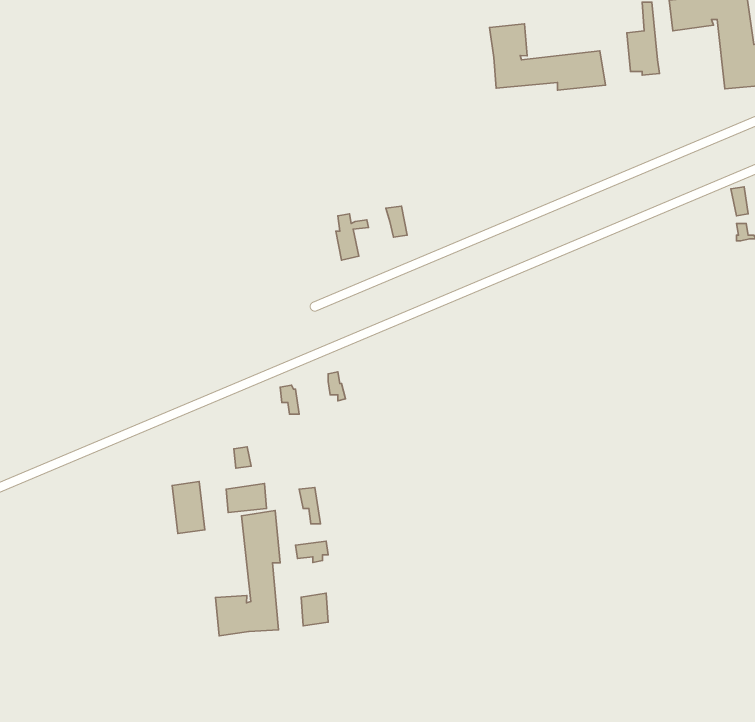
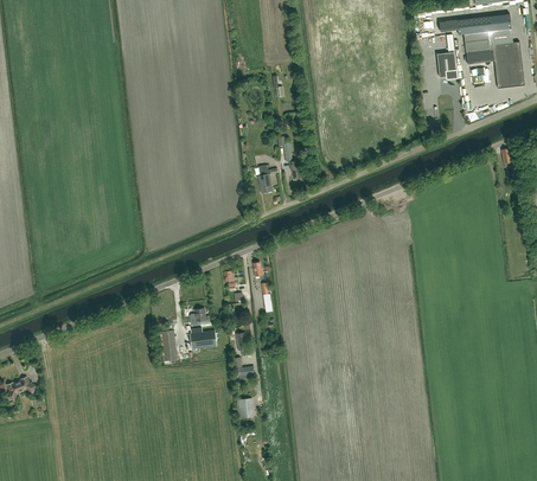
building: [490,24,605,90] -> none
building: [216,510,280,636] -> none

